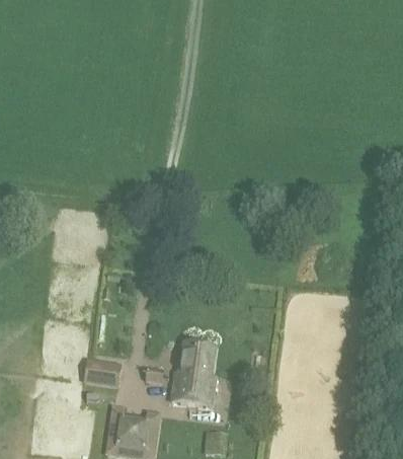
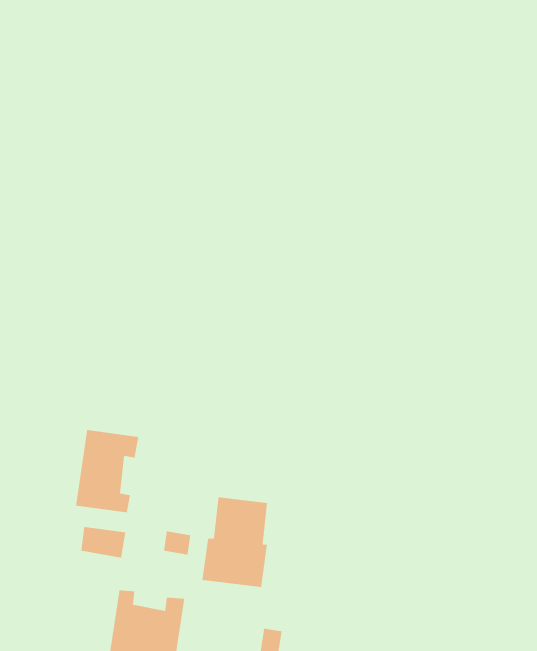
building: none -> [75,429,139,513]

